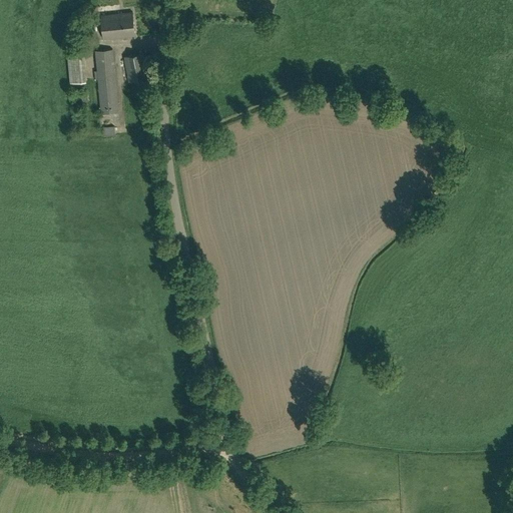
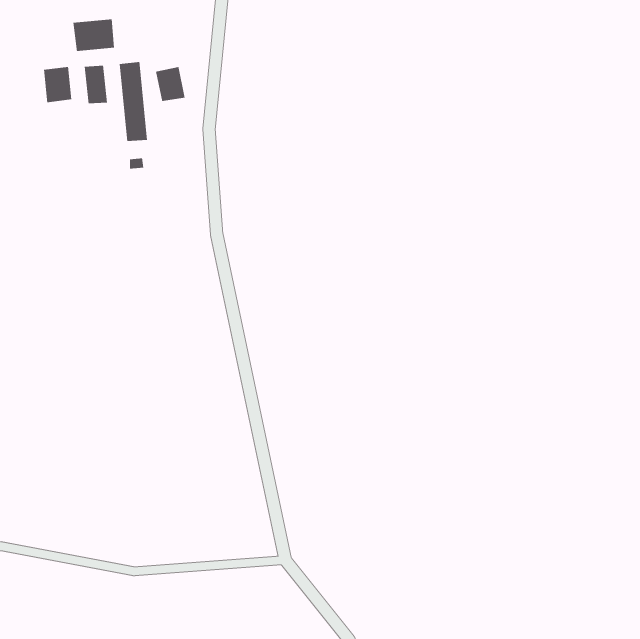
building: [101,13,135,39] -> [72,19,115,51]
building: none -> [43,66,72,103]

